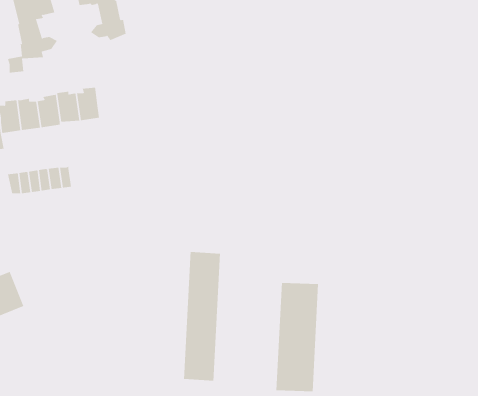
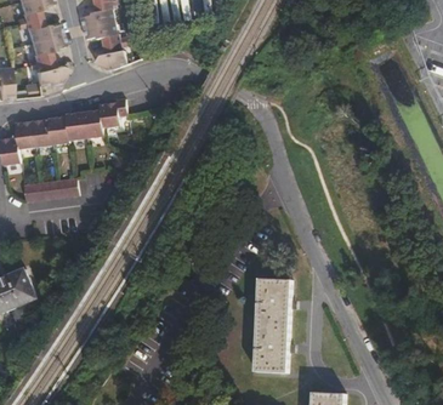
building: none -> [100,101,126,129]
building: [184,251,221,382] -> none

